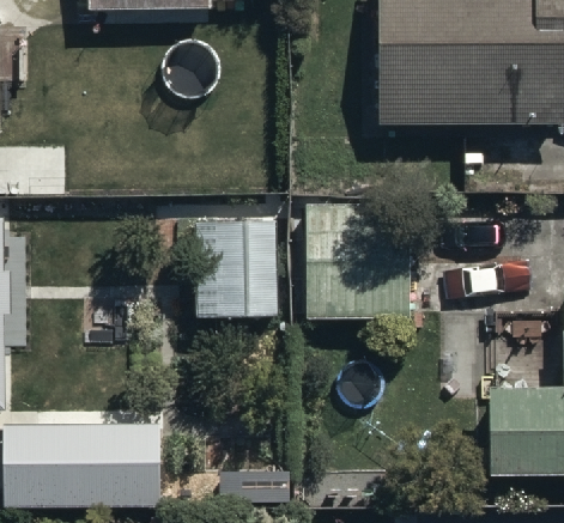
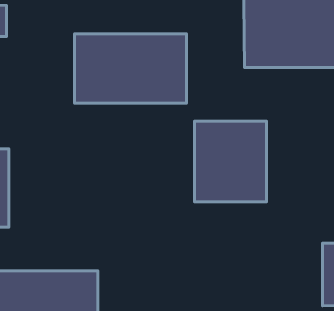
building: none -> [74,34,186,103]
building: [192,221,274,316] -> none

